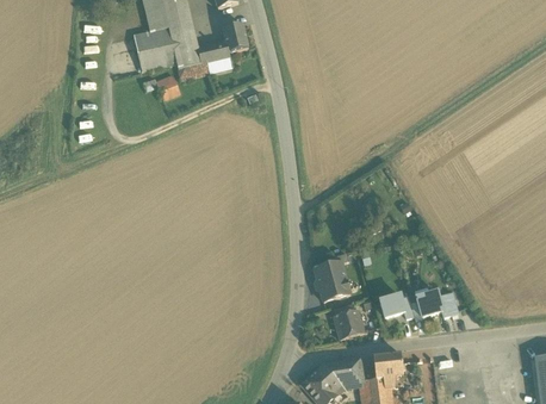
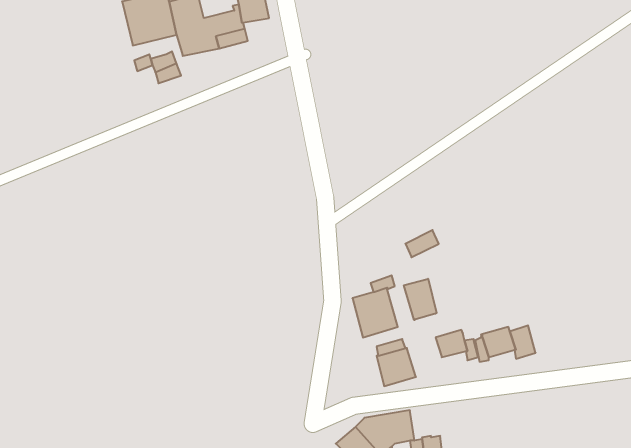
building: none -> [404,279,437,320]
building: [374,353,403,379] -> none

